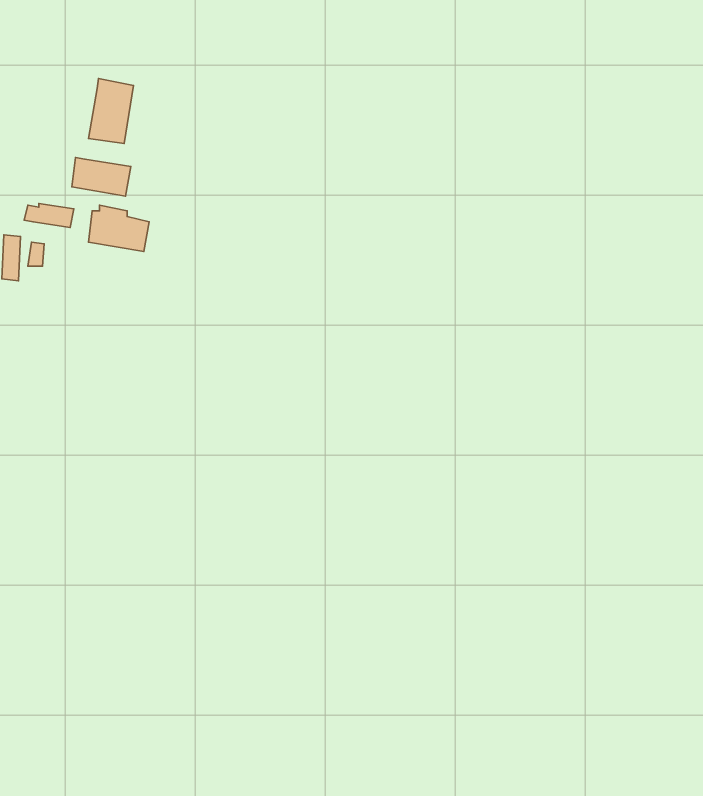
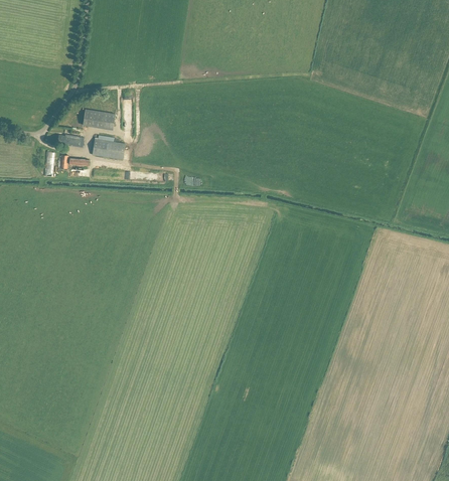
building: [88,78,133,144] -> none

